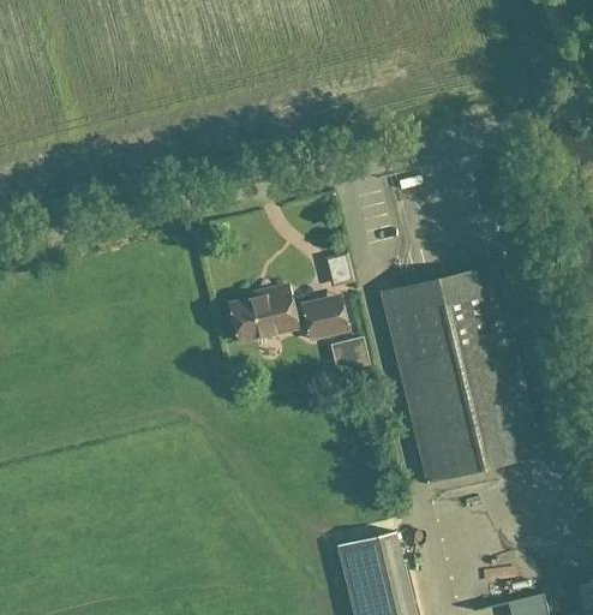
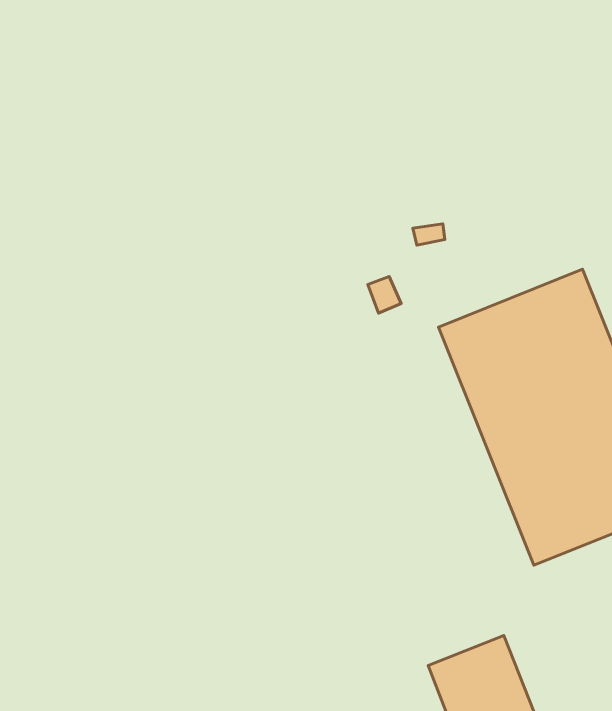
building: [228,286,348,342] -> none
building: [331,340,366,375] -> none

